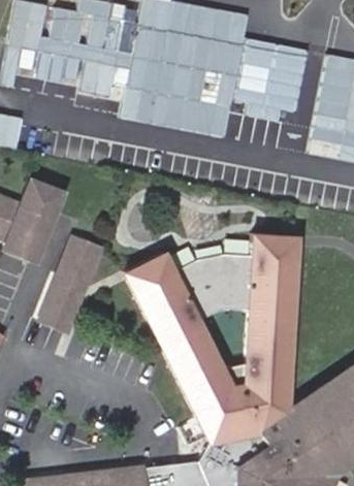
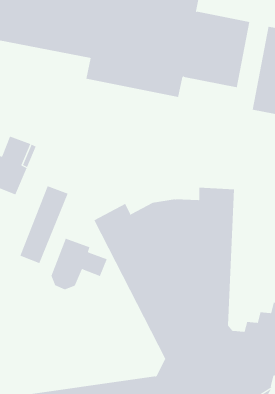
building: none -> [51,238,108,290]

